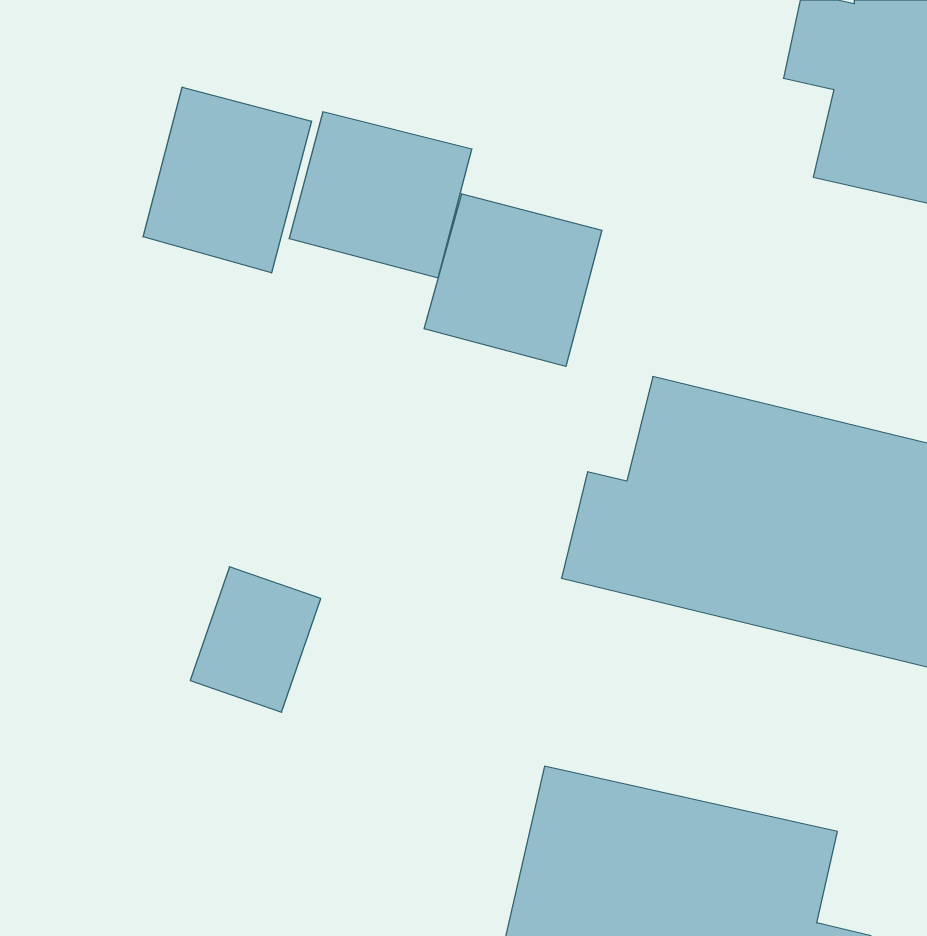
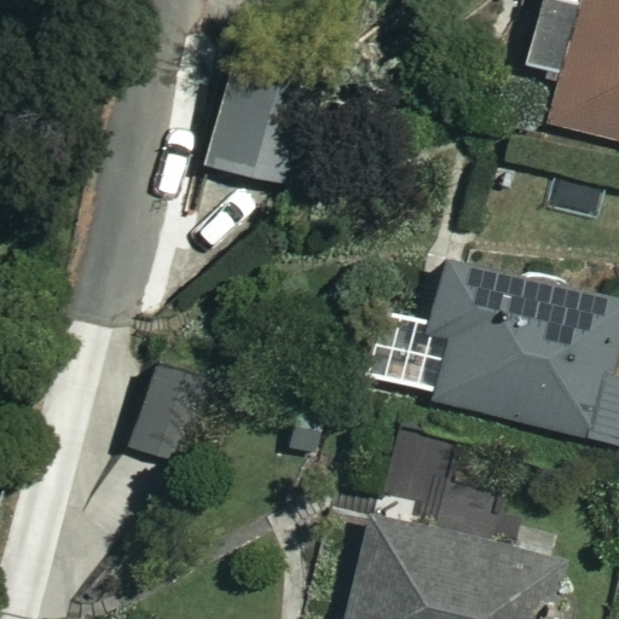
building: [143,87,312,273] -> none
building: [424,194,602,366] -> none

